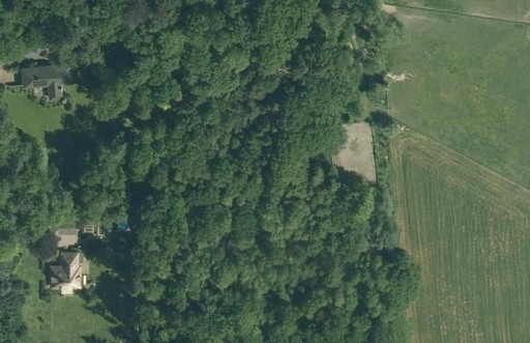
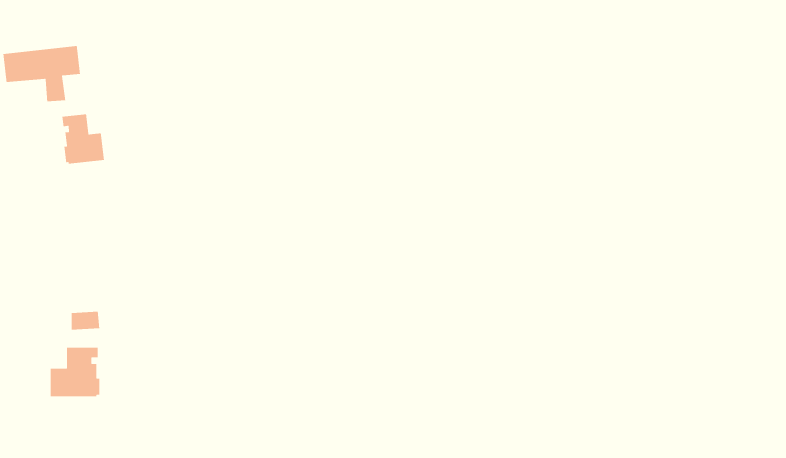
building: none -> [62,114,105,165]

